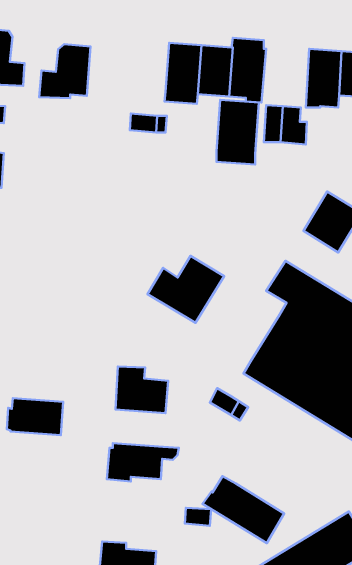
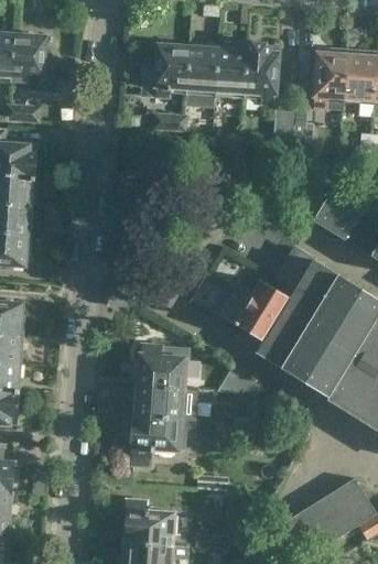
building: [39,44,91,98] -> [142,45,190,95]
building: [216,100,259,164] -> none
building: [147,256,224,323] -> [220,279,291,340]
building: [7,398,63,435] -> [134,384,186,419]
building: [203,476,284,543] -> none

